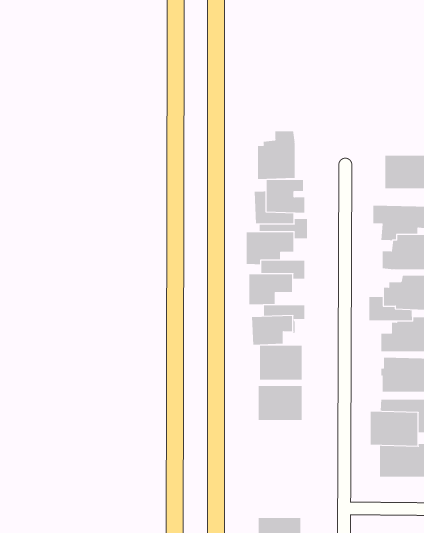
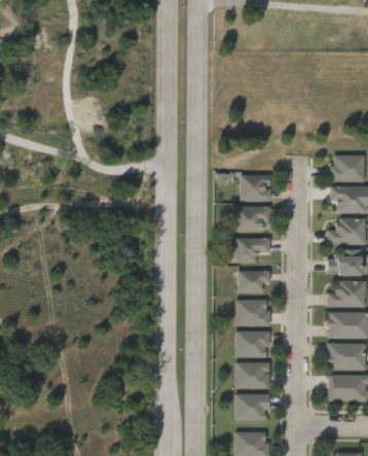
building: [258,130,295,180] -> none
building: none -> [235,363,269,389]
building: none -> [234,395,268,420]

